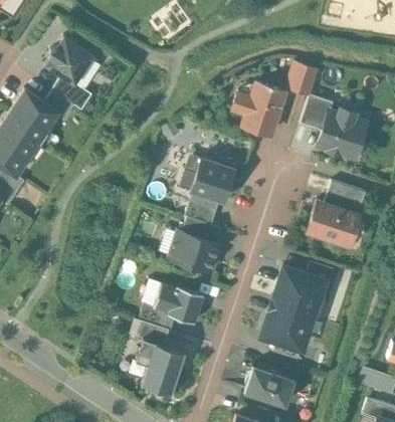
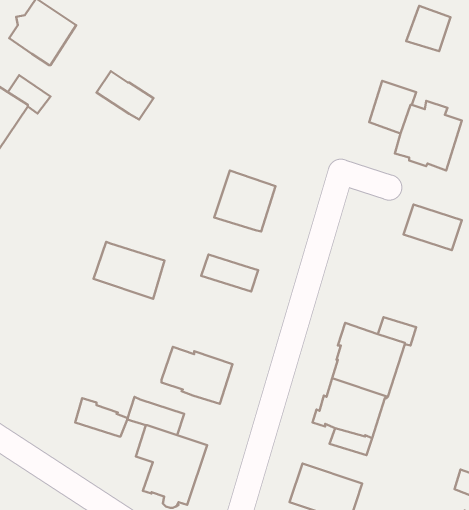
building: [285,63,317,95] -> [406,6,450,51]
building: [51,76,91,111] -> [97,71,154,120]
building: [232,83,284,136] -> none
building: [184,193,219,226] -> none
building: [307,201,359,245] -> none
building: [169,232,219,272] -> [93,242,165,299]
building: [138,303,175,331] -> [75,398,128,437]

